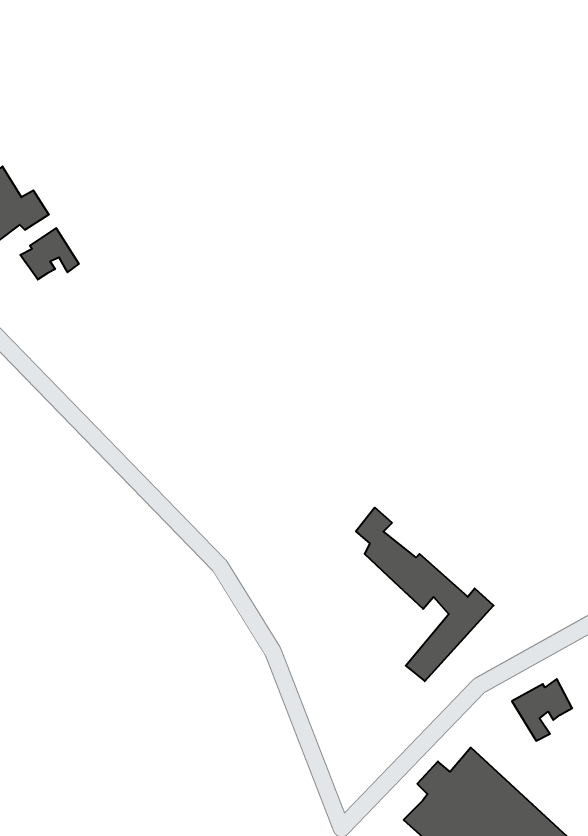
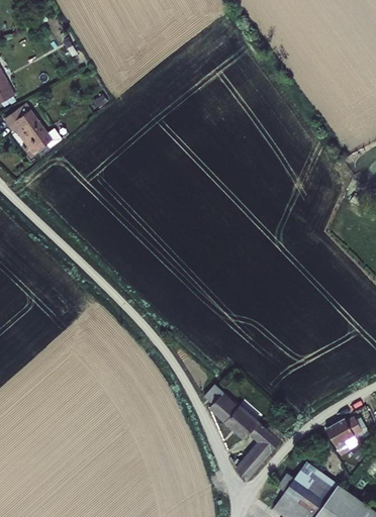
building: [20,228,79,280] -> none
building: [356,508,494,681] -> [203,377,284,479]

